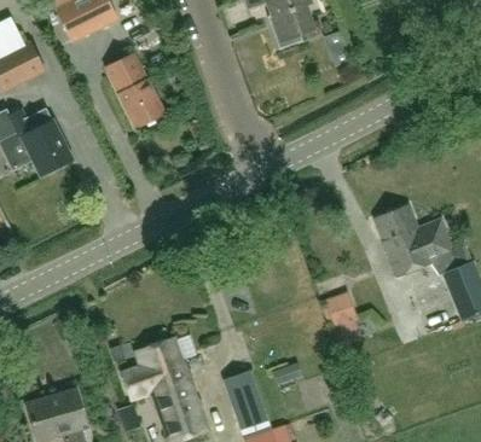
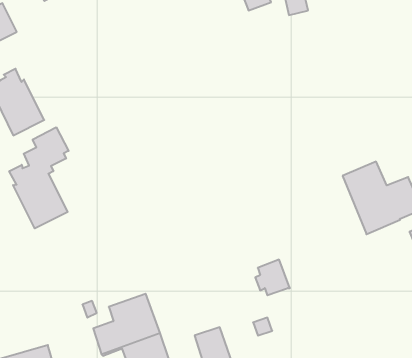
building: [106,53,166,128] -> none
building: none -> [9,127,69,228]
building: [323,290,358,326] -> [255,260,290,295]

